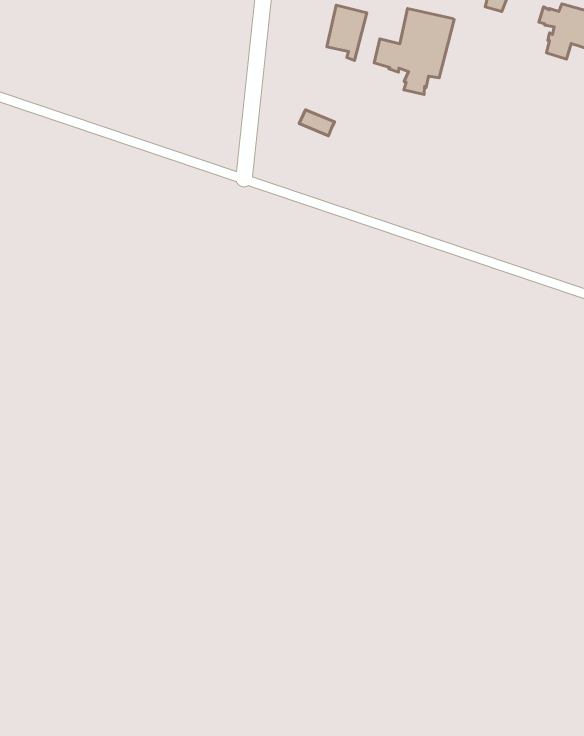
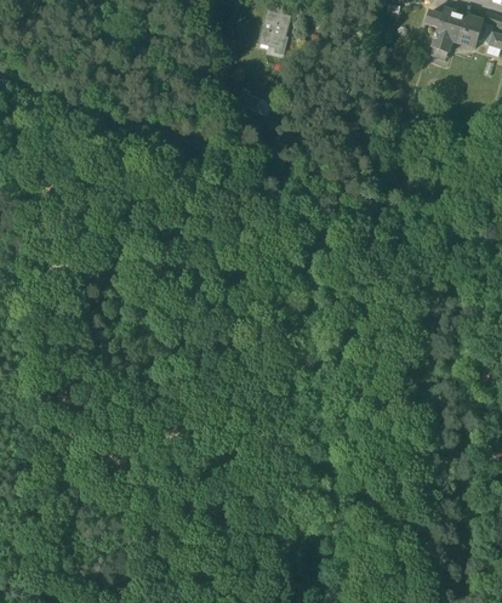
building: [374,8,454,95] -> none

